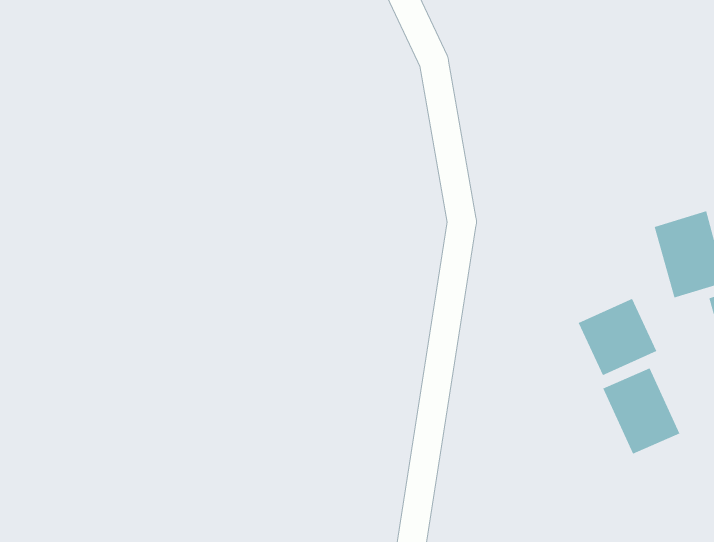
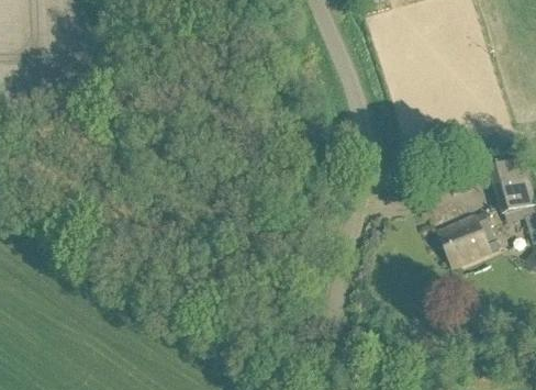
building: [602,367,680,454] -> none

